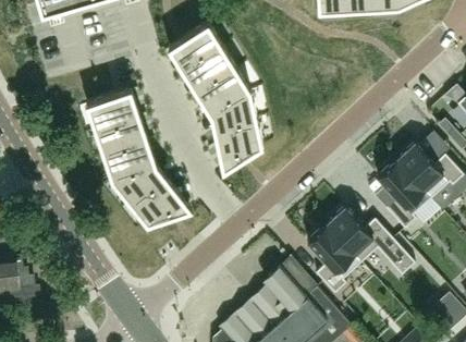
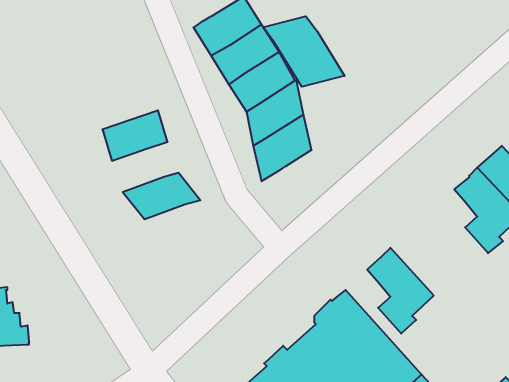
building: none -> [263,16,345,87]
building: [87,89,140,130] -> none
building: [103,139,157,180] -> none
building: [130,186,193,224] -> none
building: [327,207,416,274] -> none

